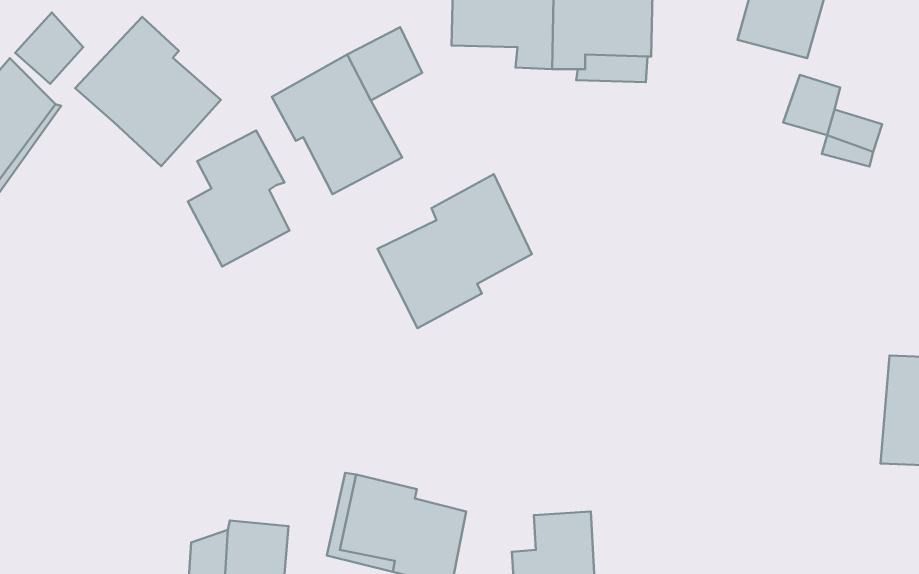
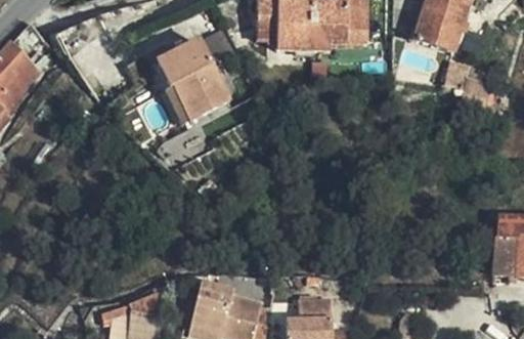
building: [75,17,221,166] -> none
building: [188,131,289,267] -> none
building: [377,174,532,328] -> none

